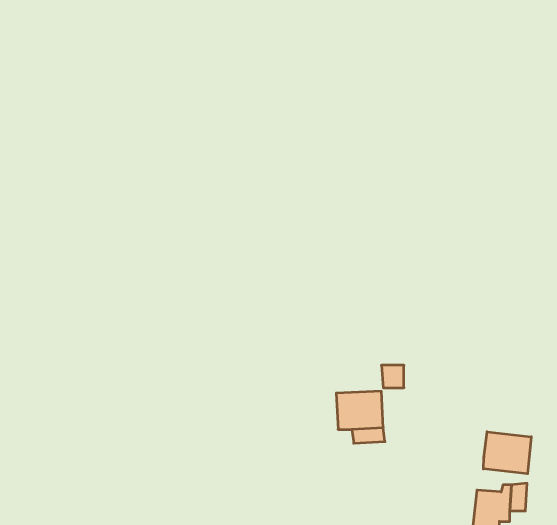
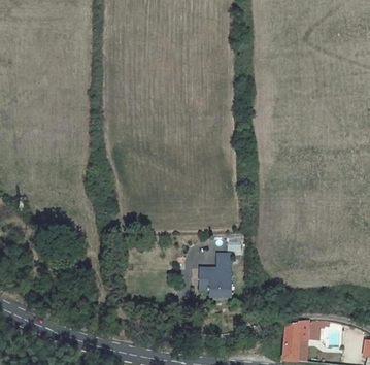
building: [483,432,531,474] -> none

